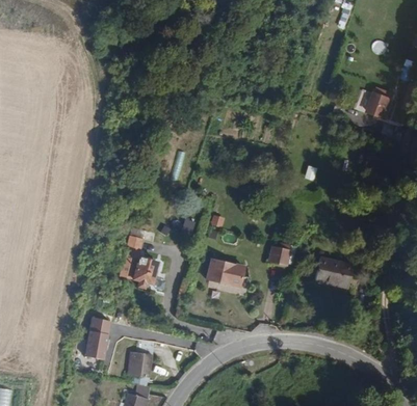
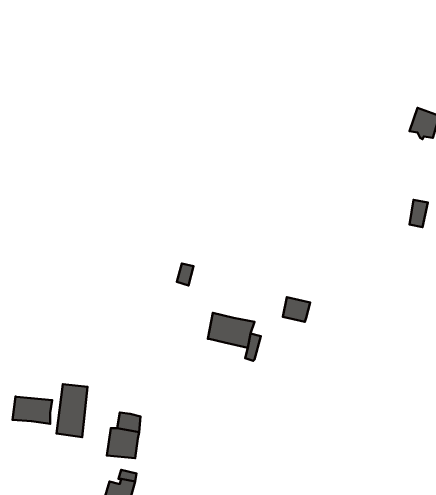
building: [122,236,157,288] -> none
building: [314,259,353,285] -> none
building: none -> [13,397,52,424]

